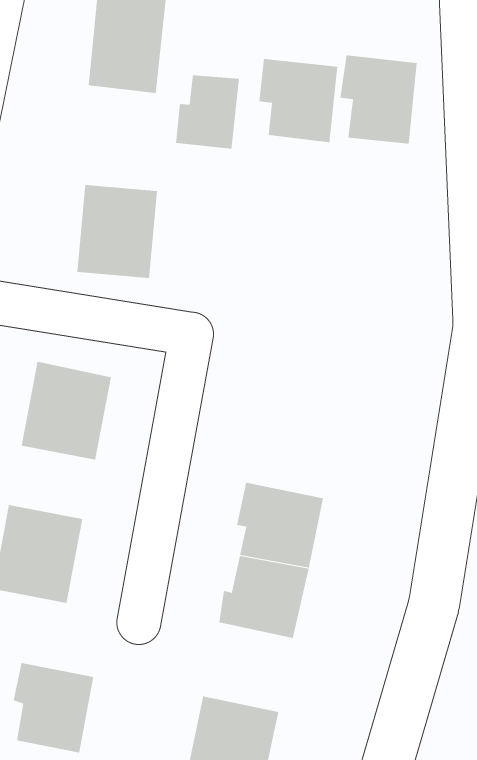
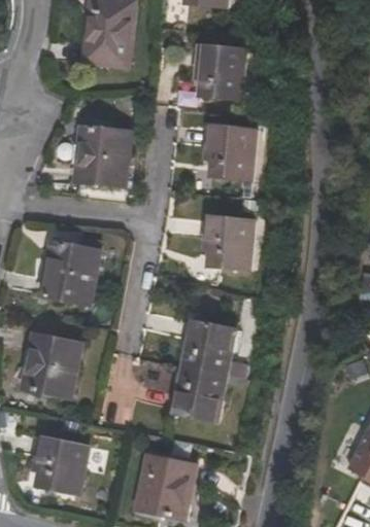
building: [339,55,417,144] -> [208,129,259,186]
building: [175,74,240,149] -> none
building: none -> [205,215,255,269]

